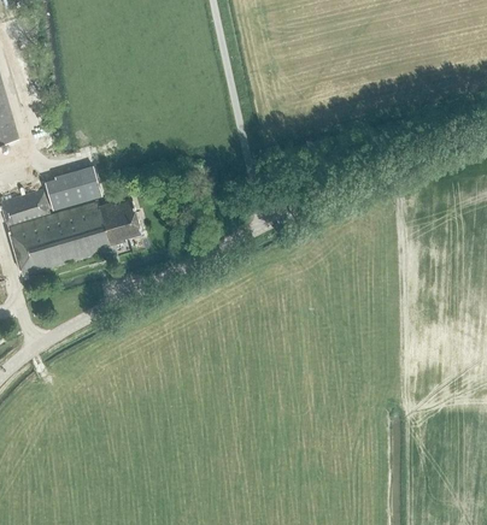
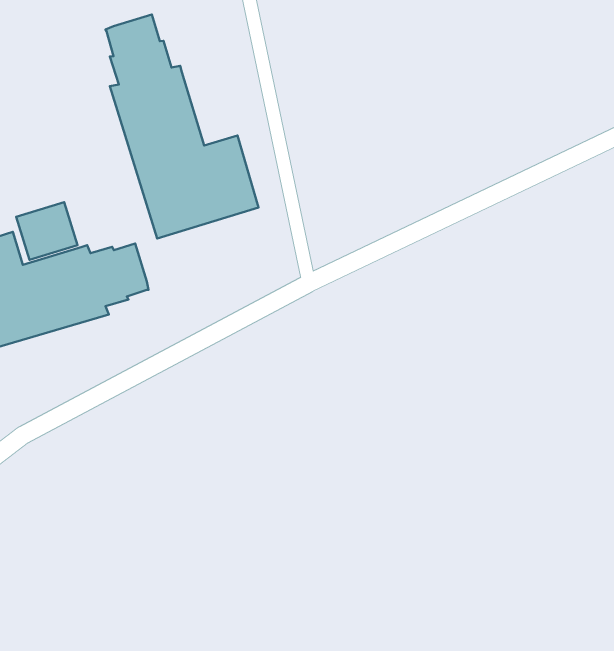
building: none -> [106,15,258,239]

